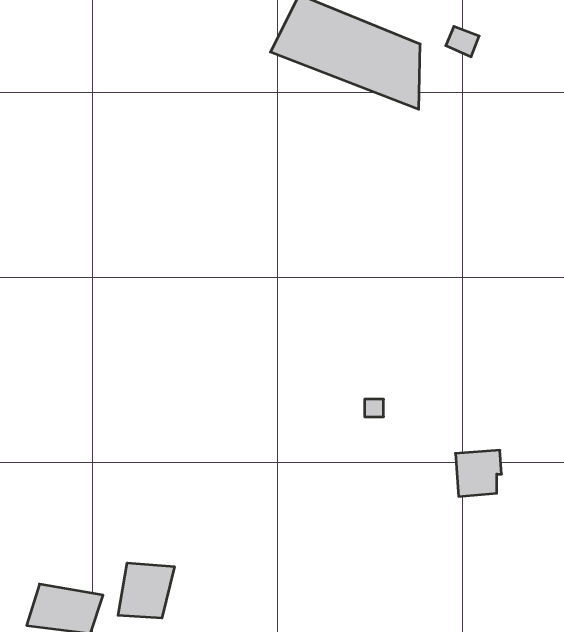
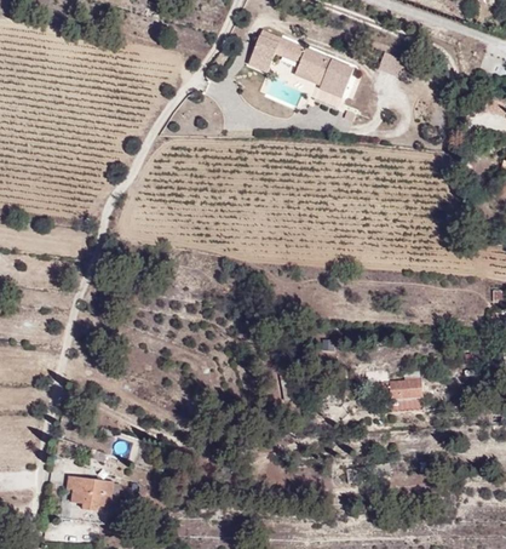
building: [118,563,174,618] -> none

